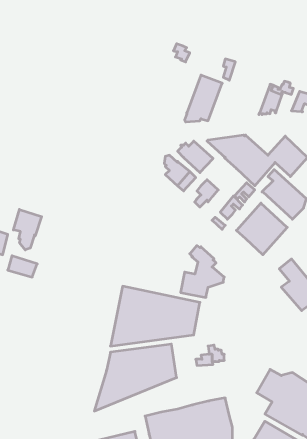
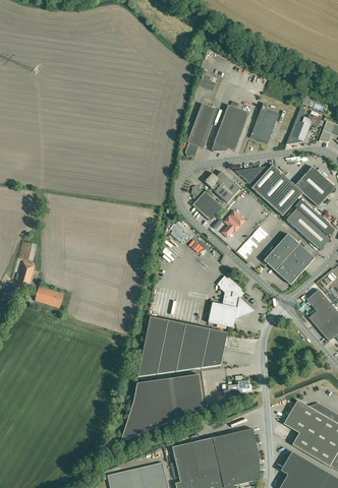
building: none -> [249,103,279,143]
building: none -> [185,104,218,157]
building: [13,209,42,250] -> none

